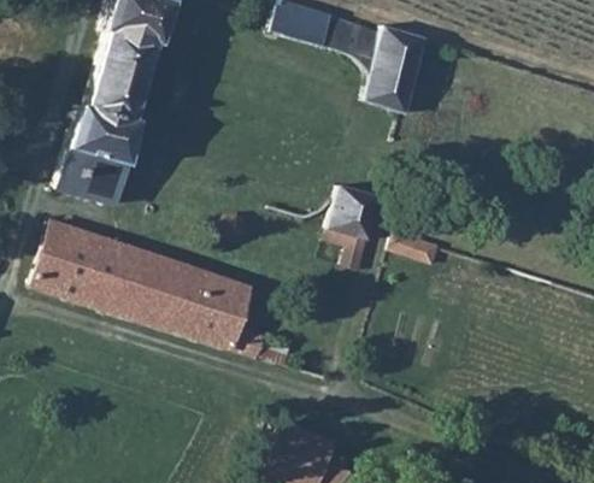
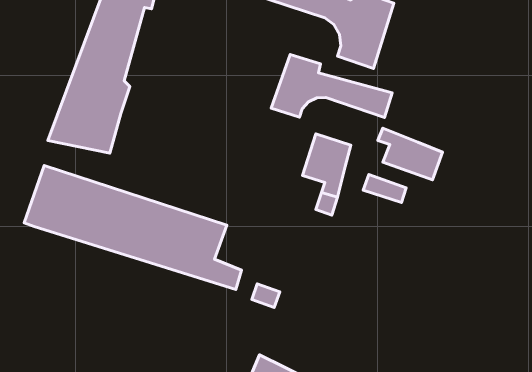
building: none -> [271,54,392,117]
building: none -> [378,128,442,180]

